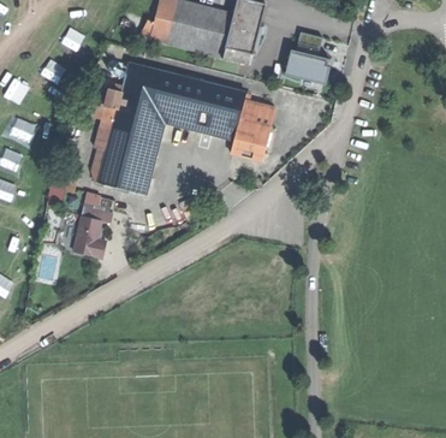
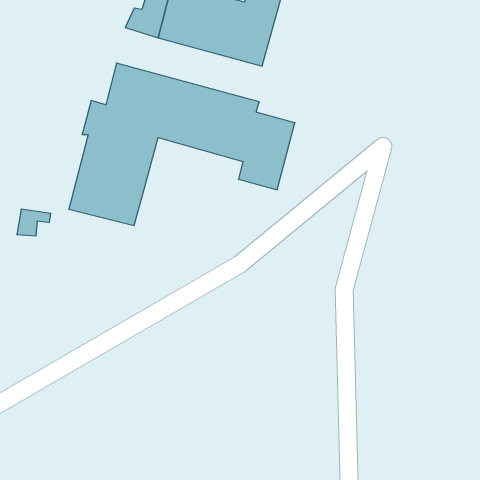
building: [287,34,329,82] -> none
building: [72,206,106,259] -> none

